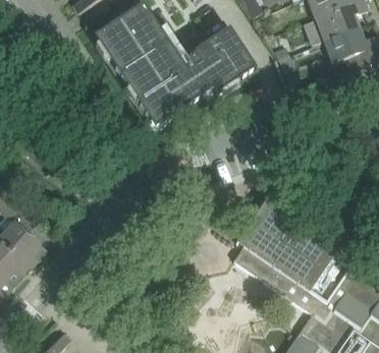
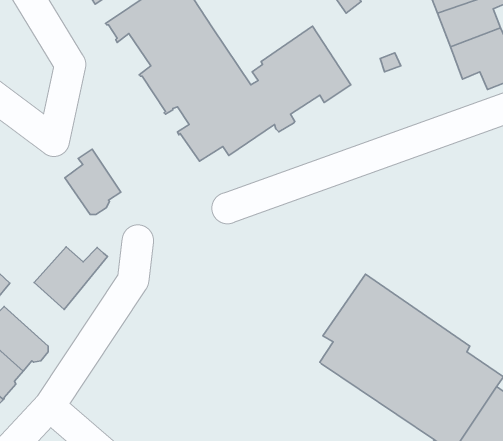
building: none -> [65,149,121,215]
building: none -> [34,247,108,309]

